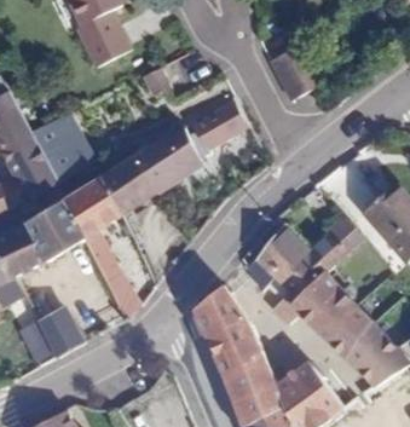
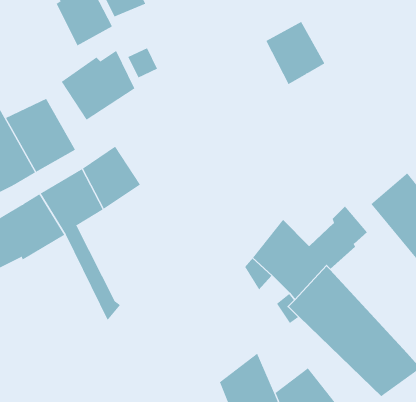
building: [189,97,252,158] -> none
building: [131,129,198,194] -> [61,50,135,120]
building: [196,285,260,374] -> none
building: [36,307,83,359] -> none

